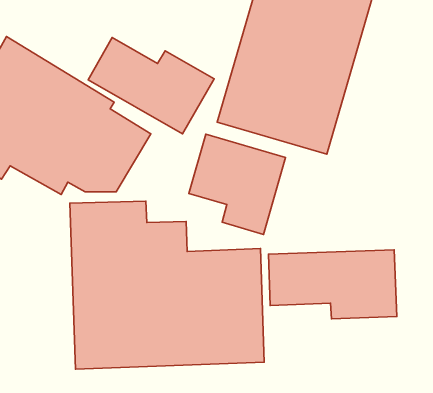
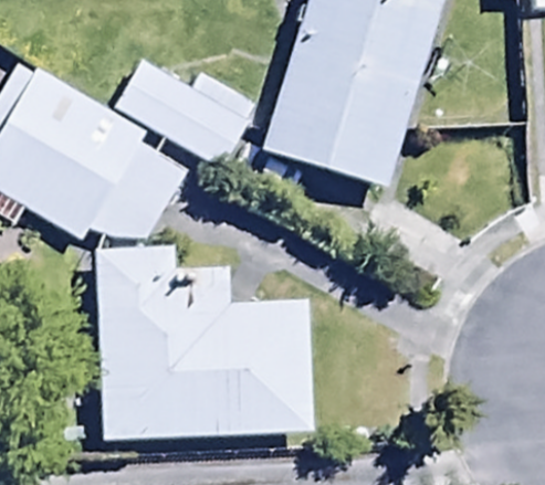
building: [189,134,286,234] -> none
building: [268,250,397,319] -> none

